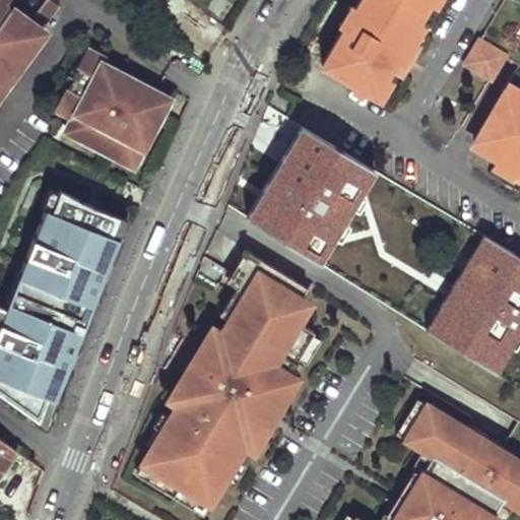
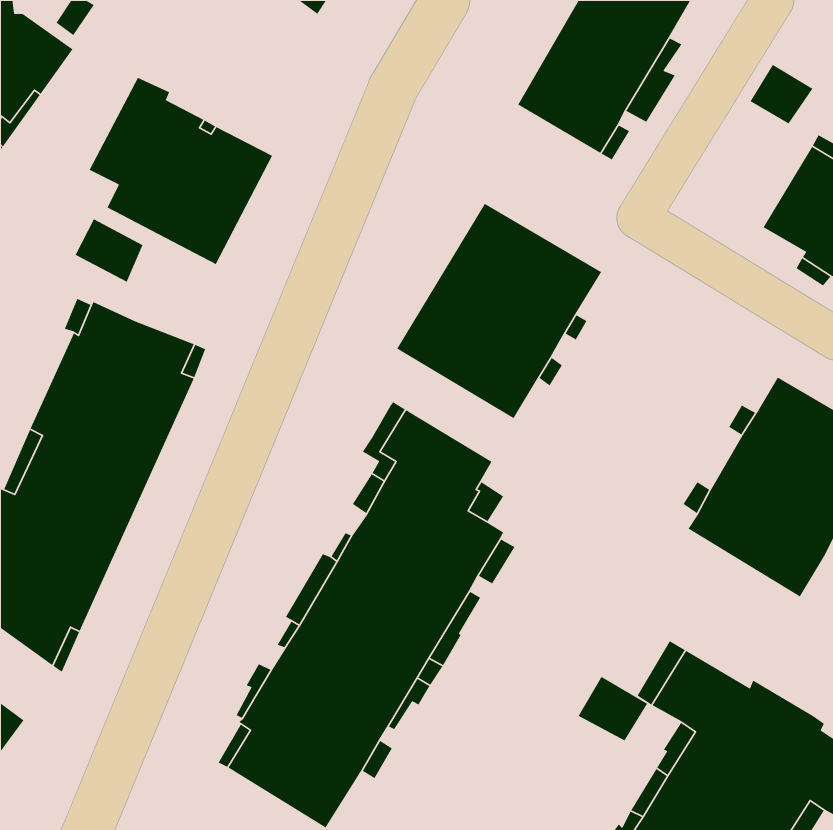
building: none -> [75,218,143,283]
building: none -> [577,676,648,741]

